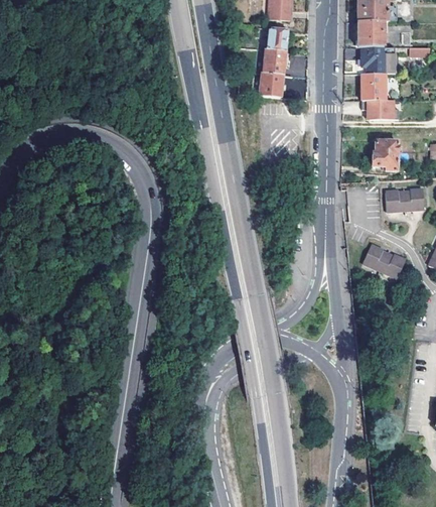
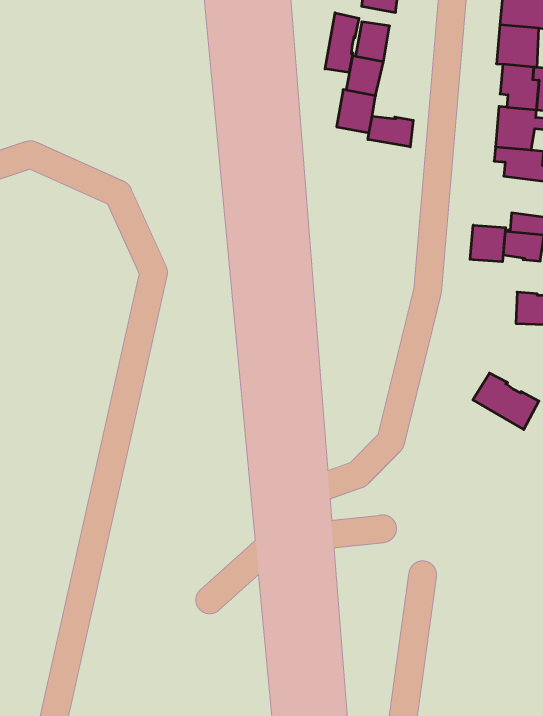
building: none -> [325,13,359,72]
building: none -> [368,116,413,147]
building: none -> [470,225,506,262]

